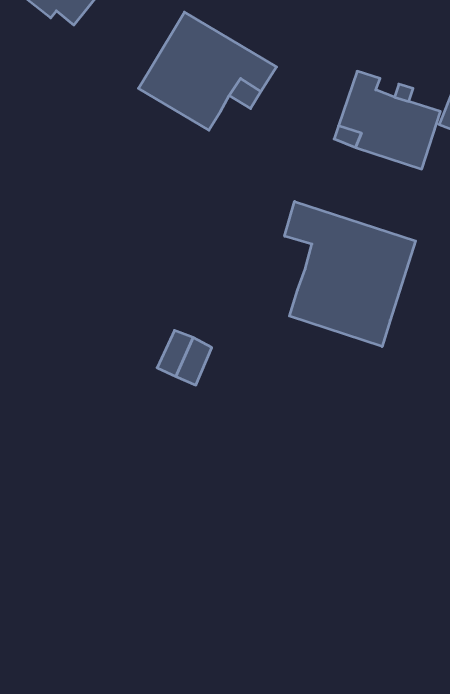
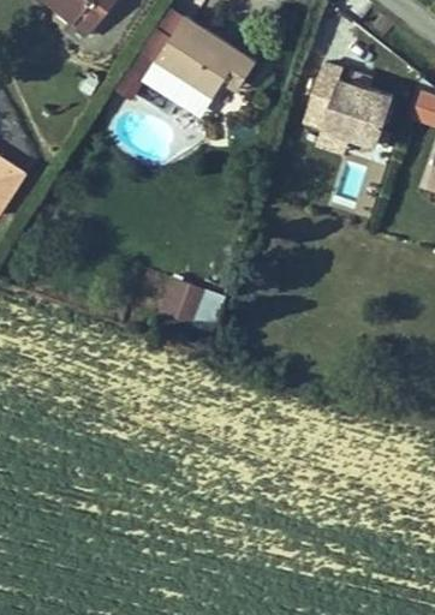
building: [285,201,416,347] -> none

